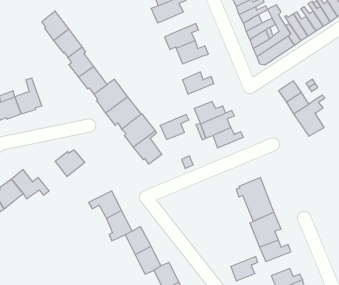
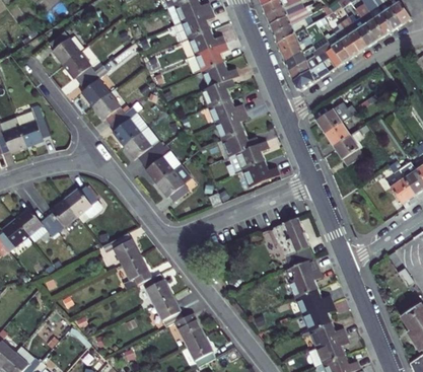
building: none -> [189,30,224,56]
building: none -> [202,80,234,107]
building: [160,115,189,140] -> [215,111,248,140]
building: none -> [46,200,78,233]
building: [231,257,258,281] -> [303,302,334,329]

